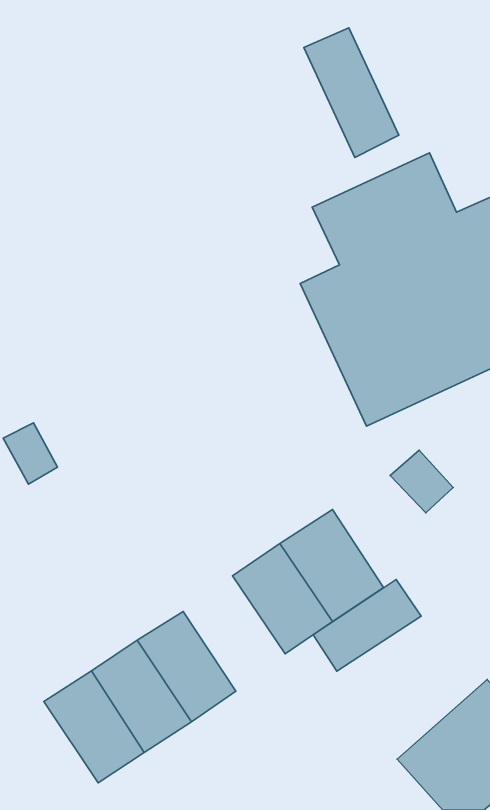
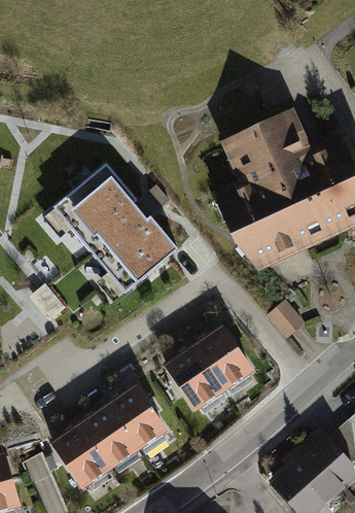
building: [304,28,399,158] -> none
building: none -> [50,162,176,293]
building: [313,579,421,671] -> none

